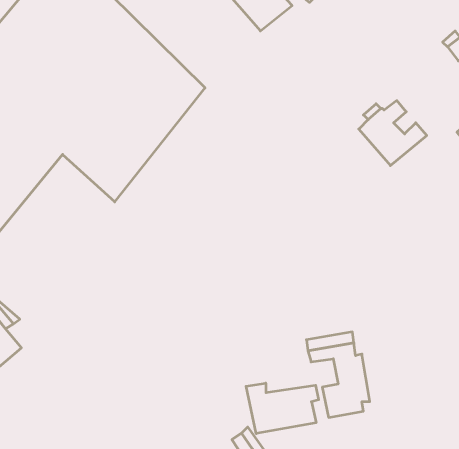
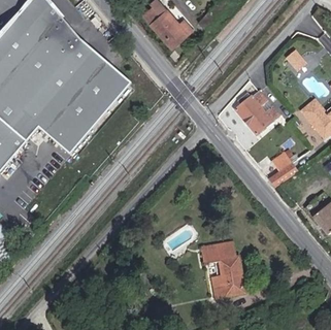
building: none -> [267,154,294,186]
building: [246,383,319,434] -> none

